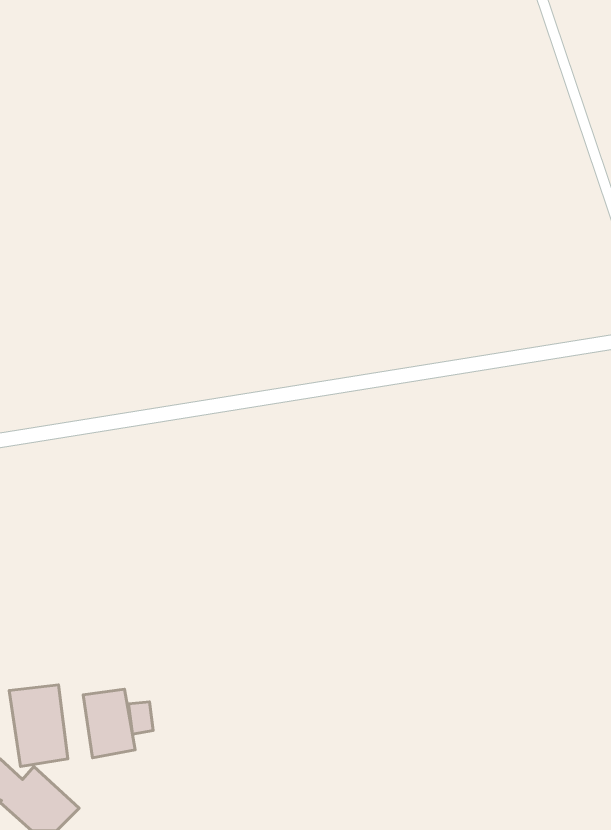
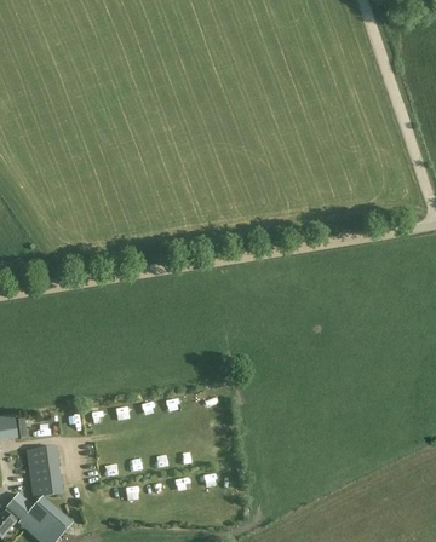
building: [83,689,135,758] -> none

